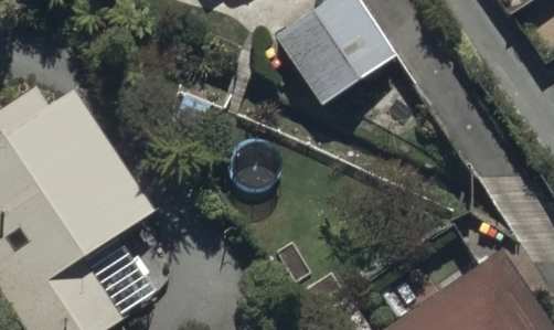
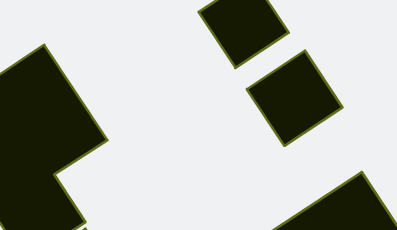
building: none -> [247,51,342,146]

